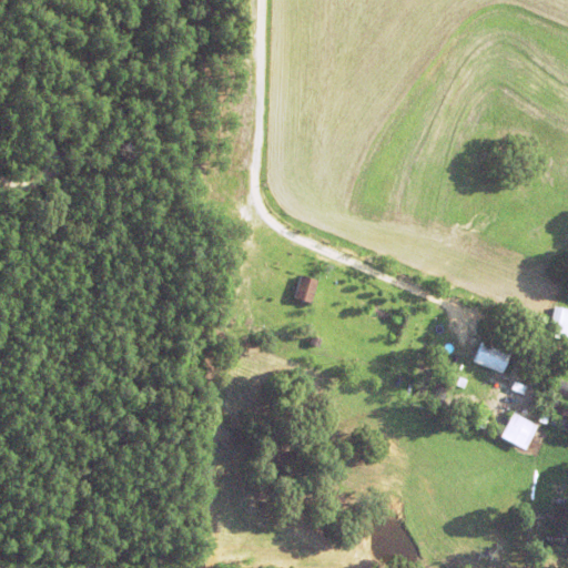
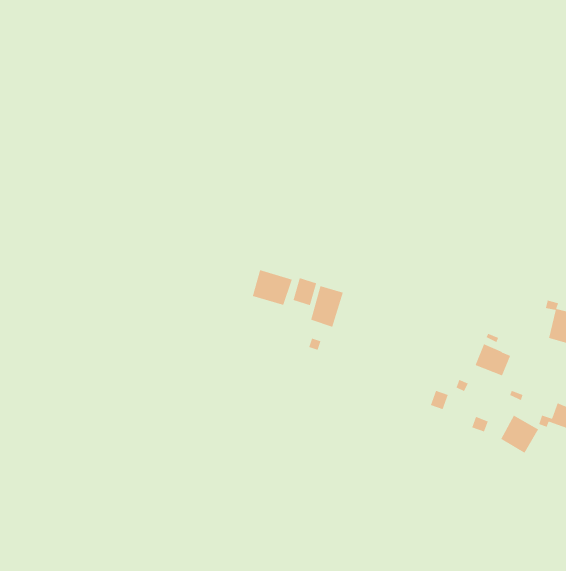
building: none -> [252,269,293,306]
building: none -> [310,285,344,328]

